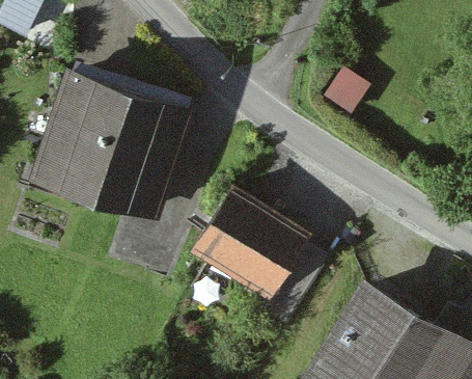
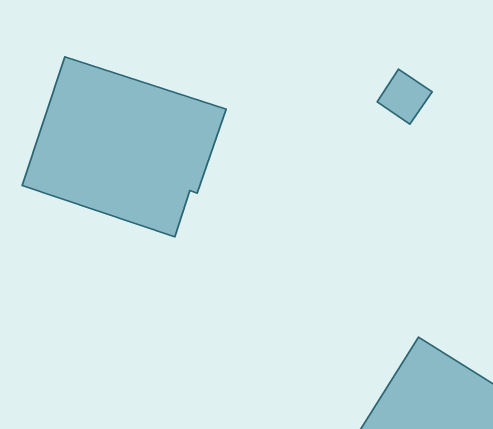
building: [193,197,299,295] -> none

